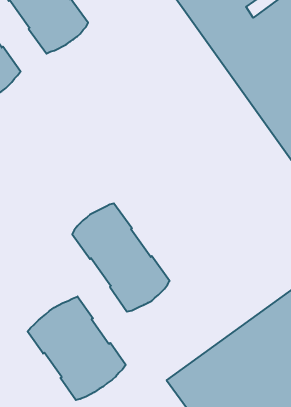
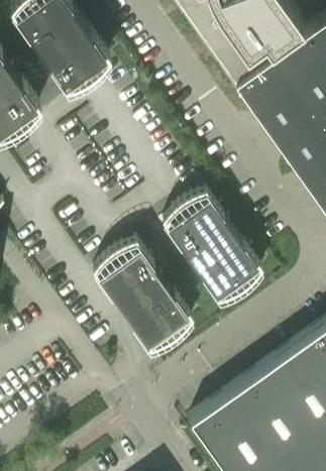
building: none -> [165,197,264,307]
building: [28,296,126,400] -> none

